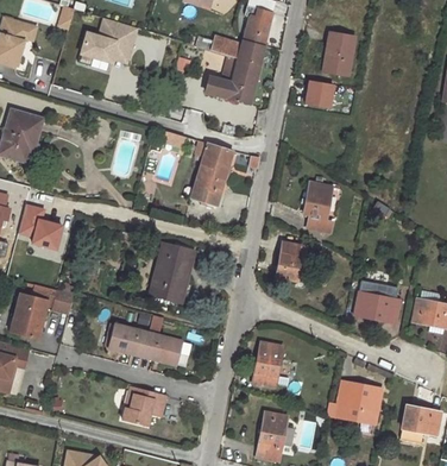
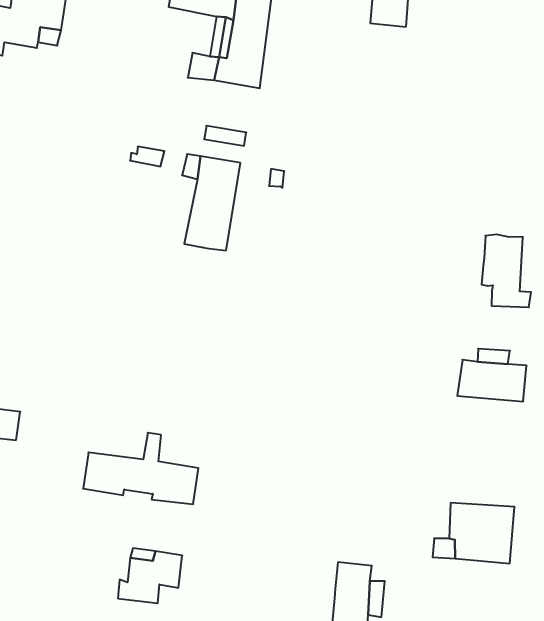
building: [306,81,333,109] -> none
building: [302,182,333,231] -> [482,234,531,307]
building: [275,241,304,279] -> none
building: [149,243,194,301] -> none
building: [252,341,282,386] -> none

